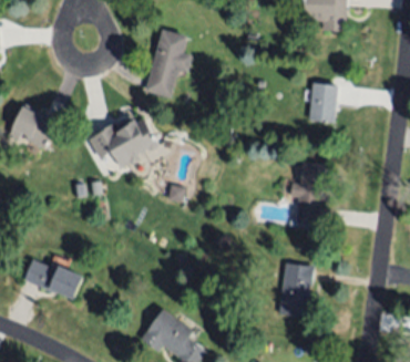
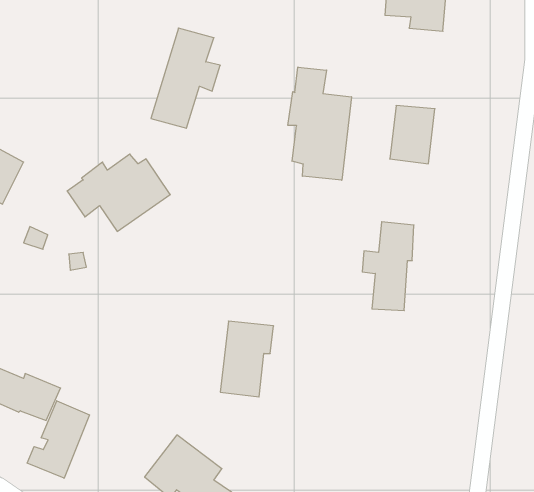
building: none -> [288,67,351,180]
building: [278,263,315,316] -> [220,321,274,397]
building: none -> [27,401,89,478]

